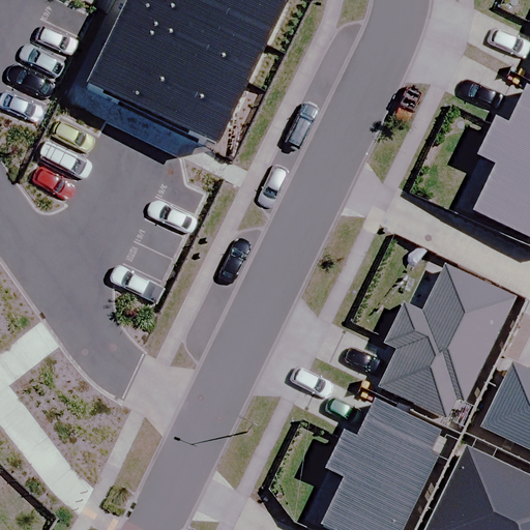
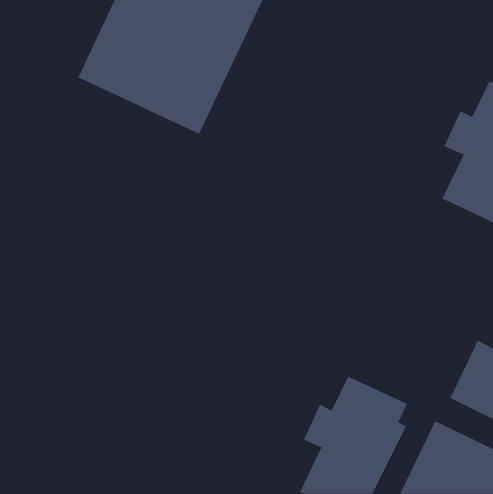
building: [380,266,512,418] -> none

